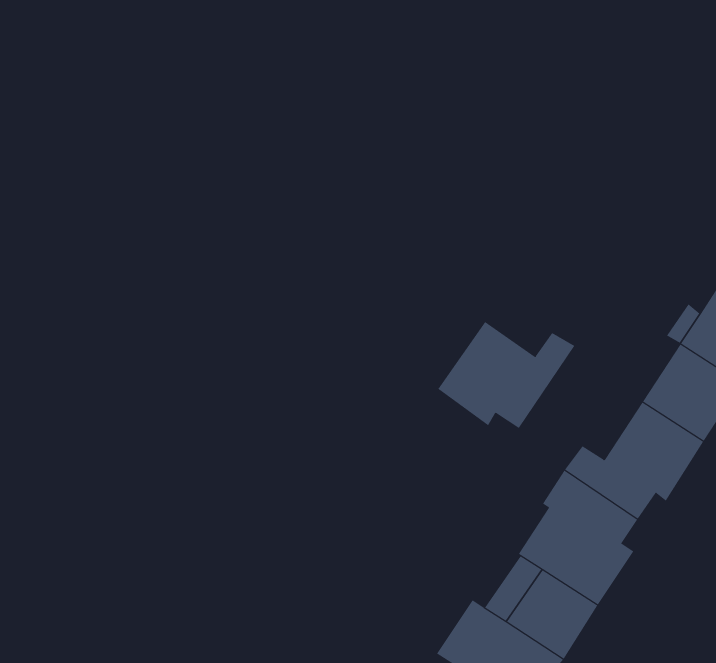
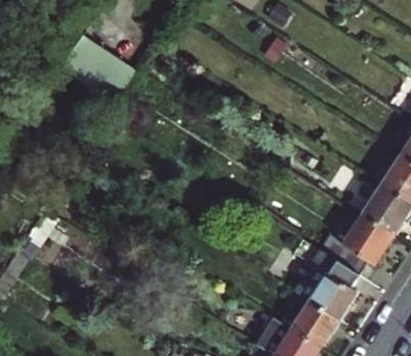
building: none -> [59,36,131,100]
building: [438,321,575,429] -> none

